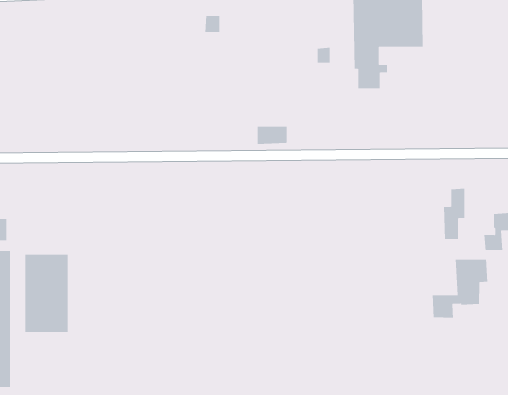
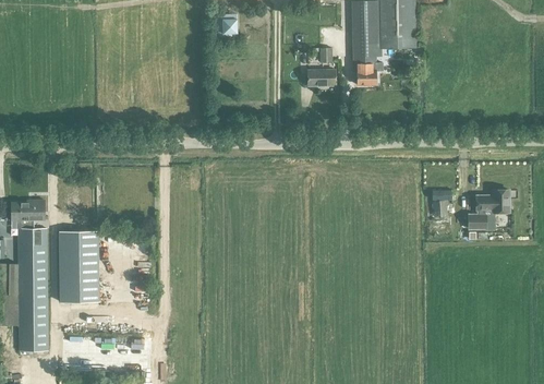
building: [257,126,288,145] -> [309,69,336,85]
building: [432,259,488,319] -> none

